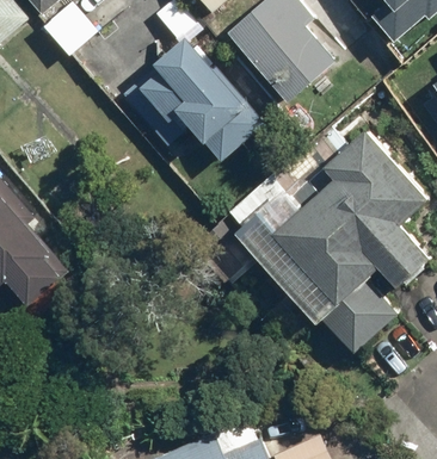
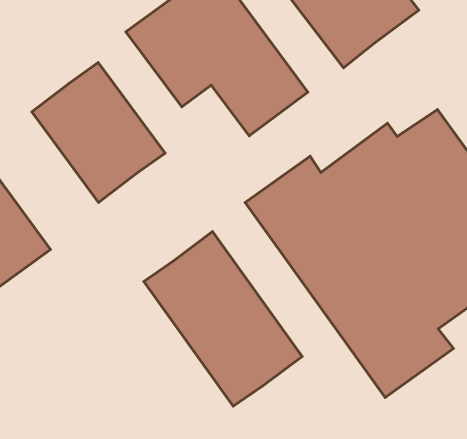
building: none -> [32,63,165,202]
building: none -> [144,232,302,406]

